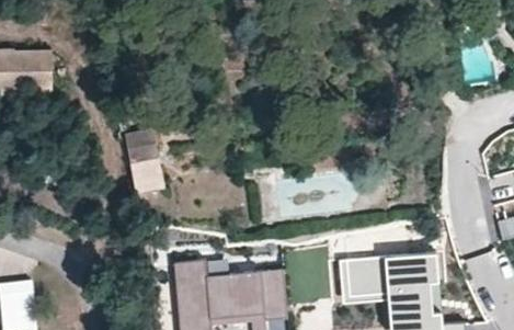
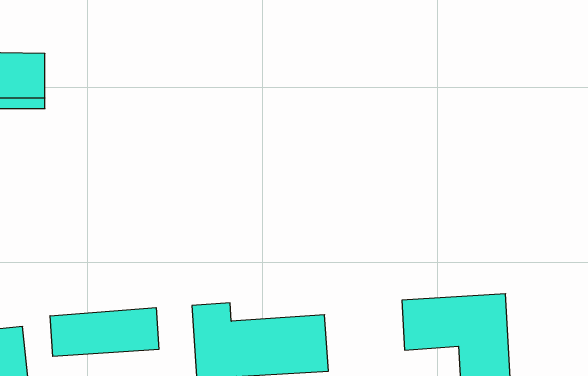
building: [125,128,165,193] -> none
building: none -> [50,308,159,356]

